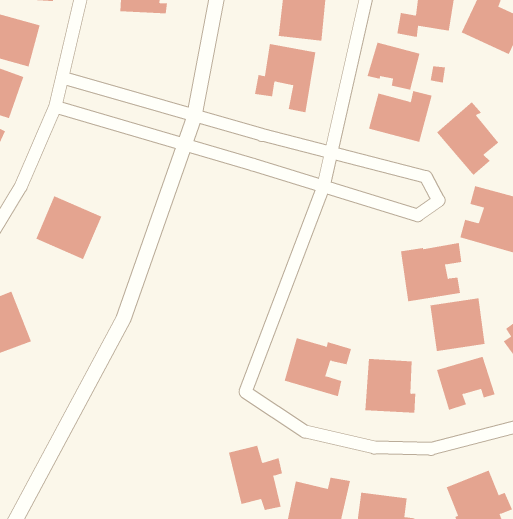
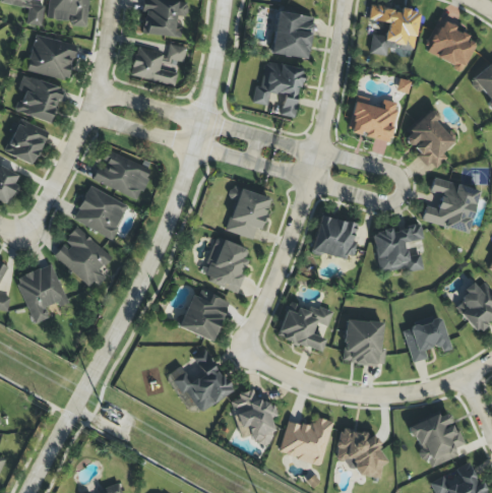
building: none -> [131,43,187,84]
building: [367,42,420,91] -> none
building: none -> [95,152,150,198]
building: none -> [226,185,270,240]
building: none -> [312,214,360,259]
building: none -> [54,226,108,289]
building: none -> [202,237,248,291]
building: [430,298,485,352] -> none
building: none -> [180,288,230,341]
building: none -> [173,349,234,412]

